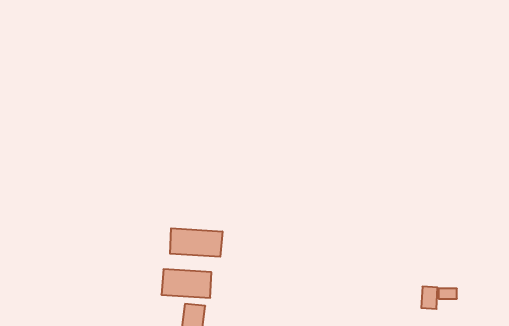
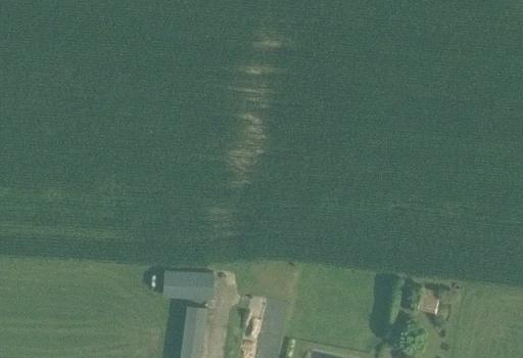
building: [170,228,222,257] -> none

